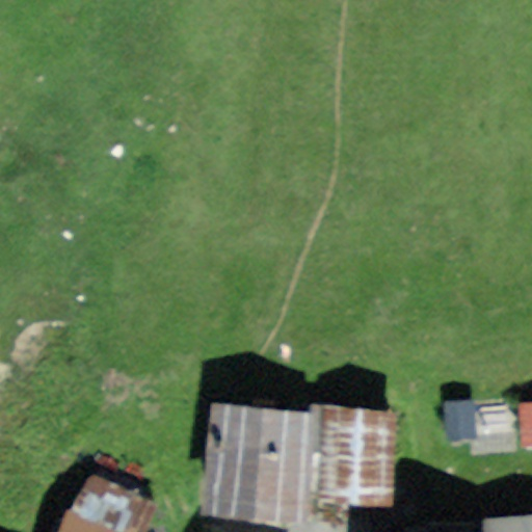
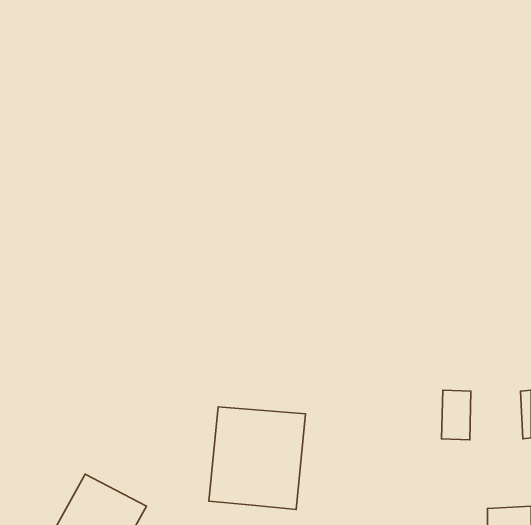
building: [322,418,393,506] -> none

